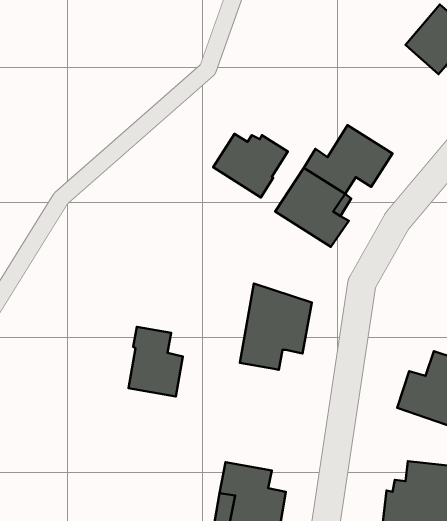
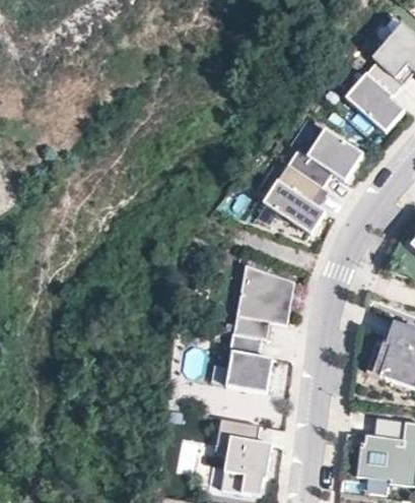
building: none -> [346,62,404,131]
building: [213,134,288,198] -> none
building: [128,327,183,397] -> [224,332,271,392]

